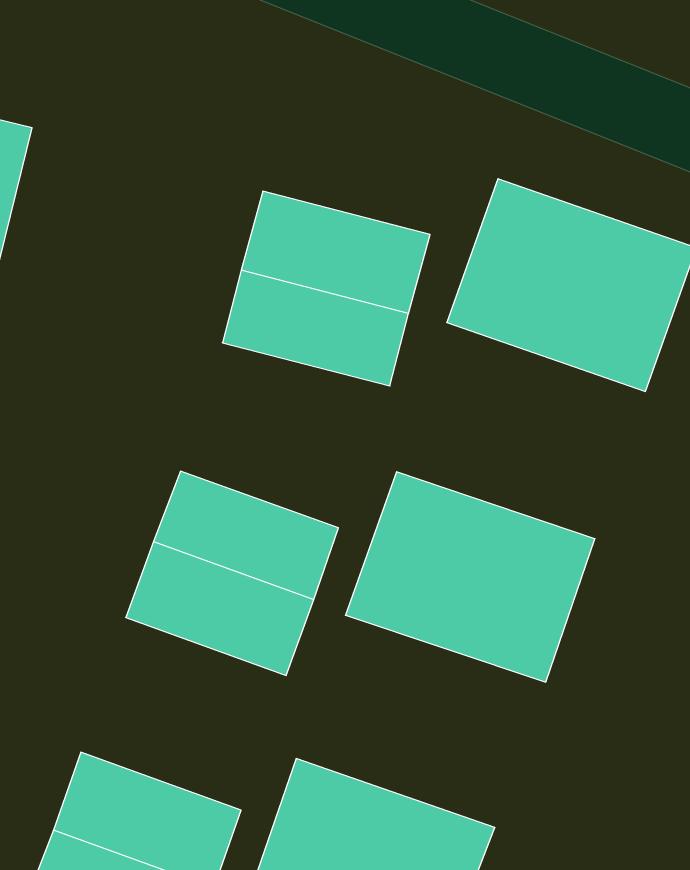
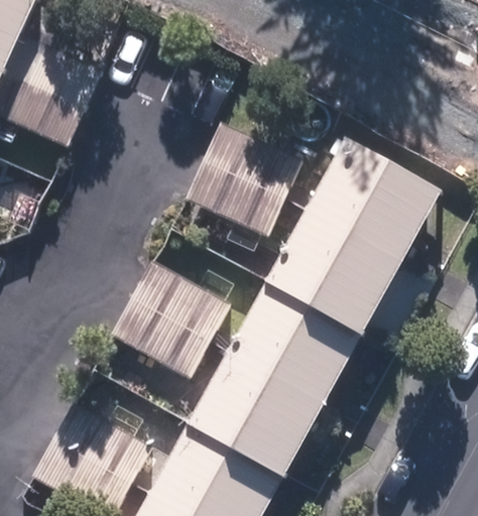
building: none -> [264,208,401,334]
building: none -> [187,352,324,476]

